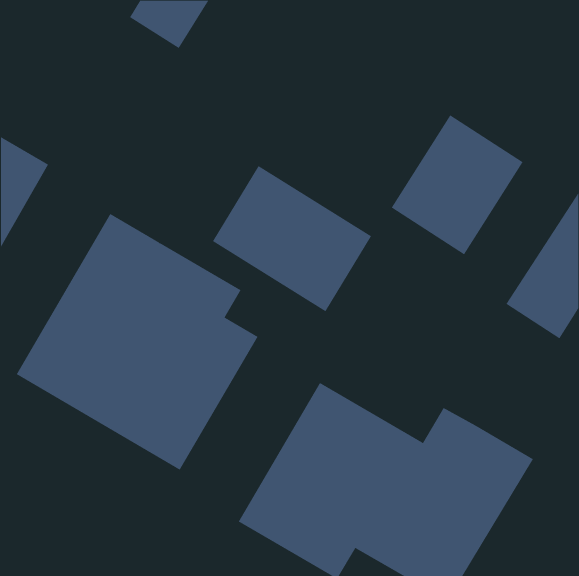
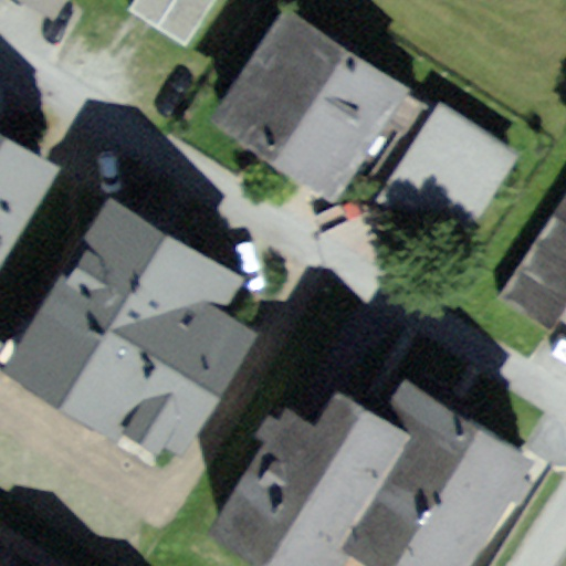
building: none -> [222,11,415,193]
building: [212,165,372,312] -> none

